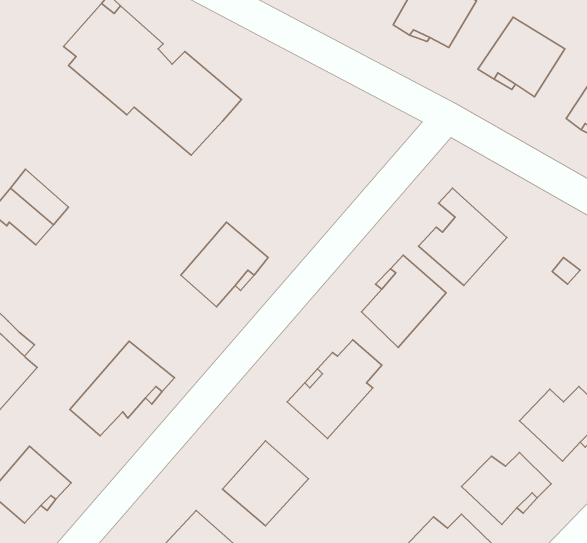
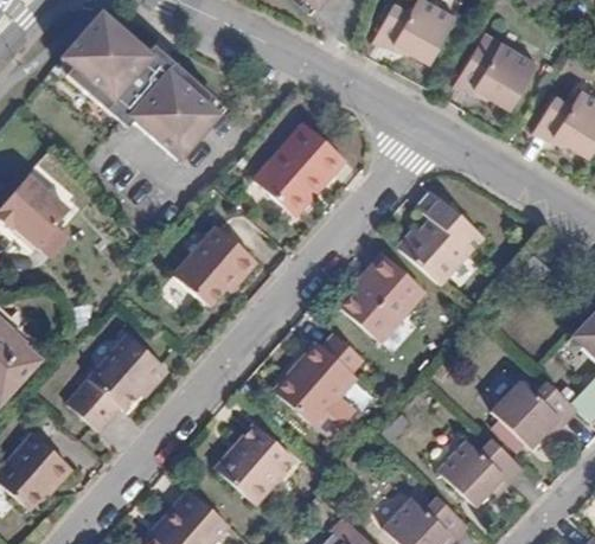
building: none -> [260,120,351,212]

